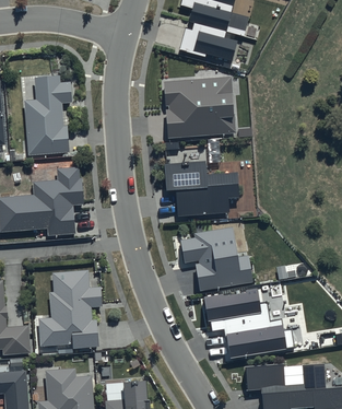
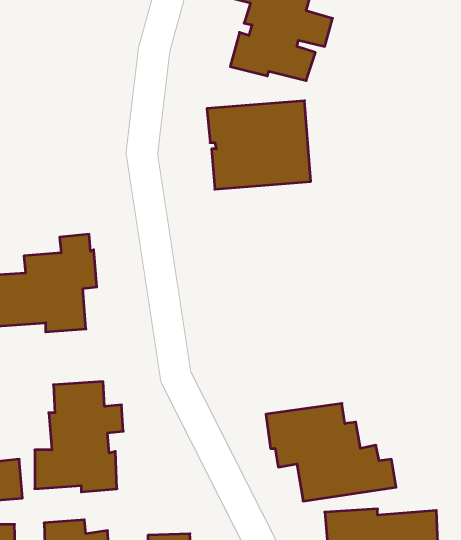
building: [24,77,71,155] -> none
building: [163,157,237,213] -> none
building: [179,224,251,290] -> none

